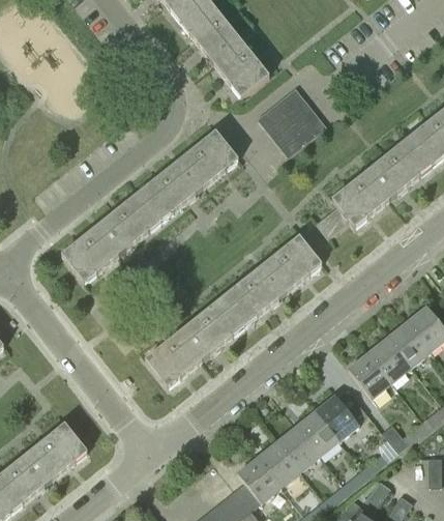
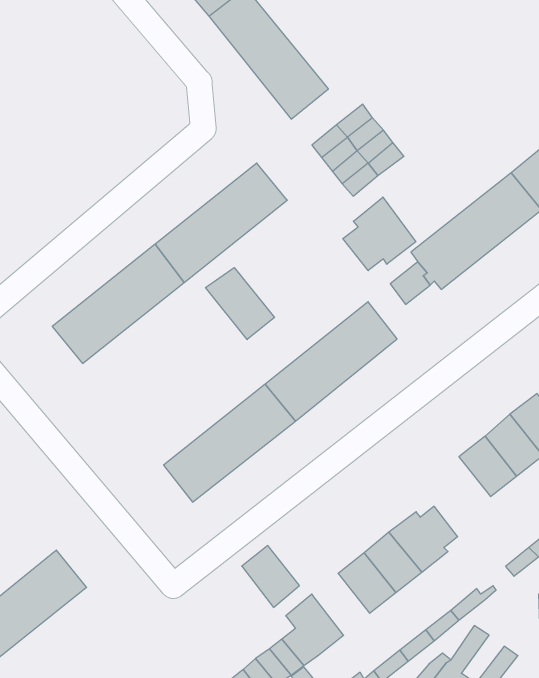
building: none -> [343,197,416,271]
building: none -> [206,268,274,340]
building: [347,352,391,398] -> none
building: [257,440,300,487] -> [242,546,299,607]

